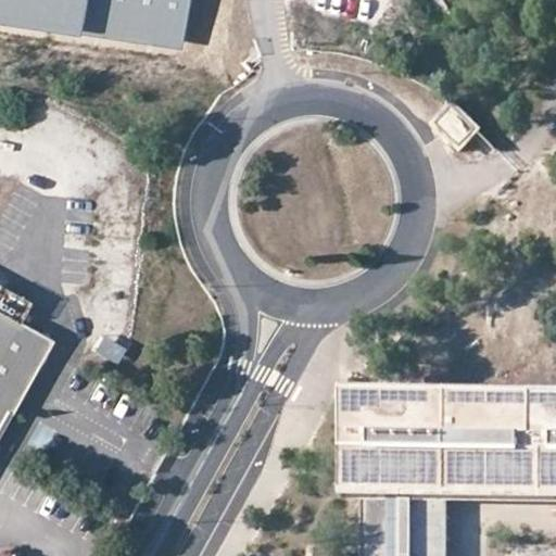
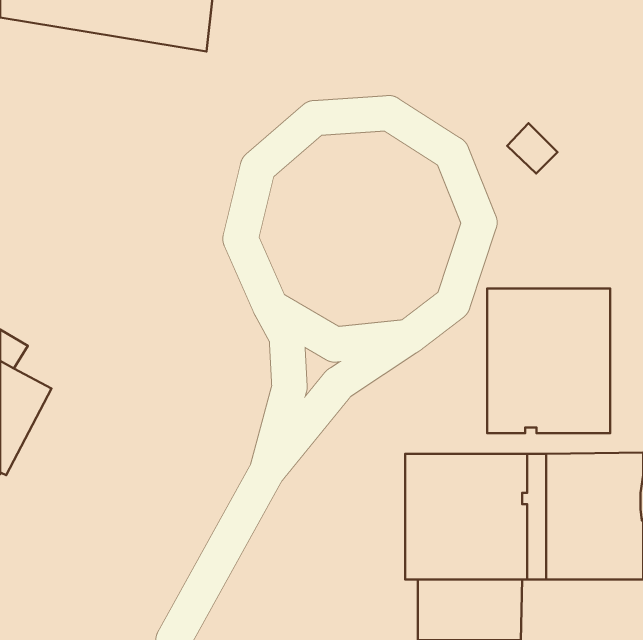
building: none -> [487,288,610,433]

